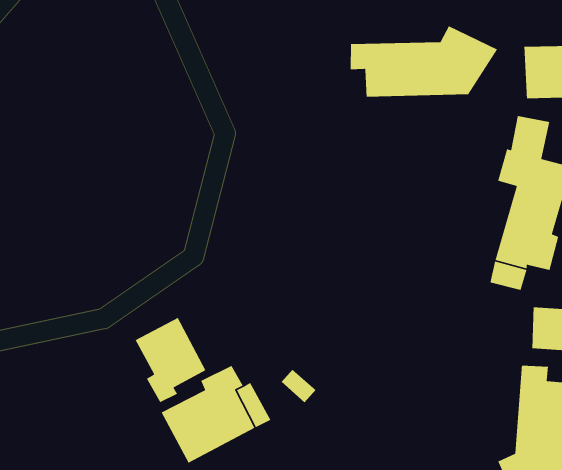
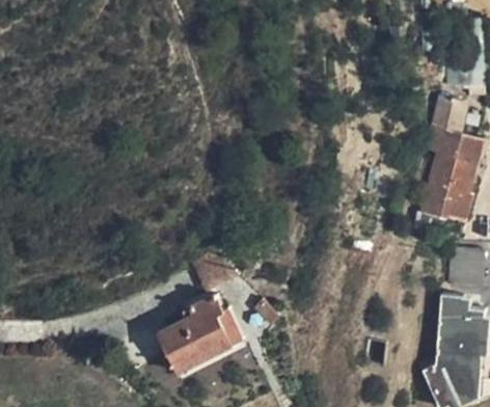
building: [350,25,498,98] -> none
building: [134,317,207,403] -> none

